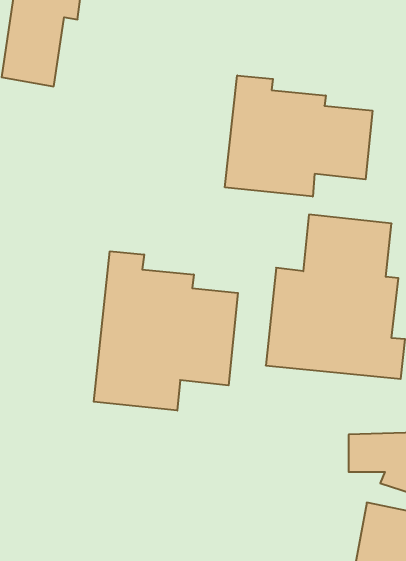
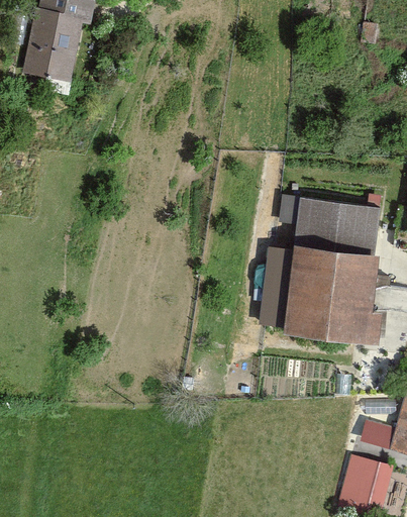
building: [225,75,372,197] -> none
building: [94,251,238,411] -> none

